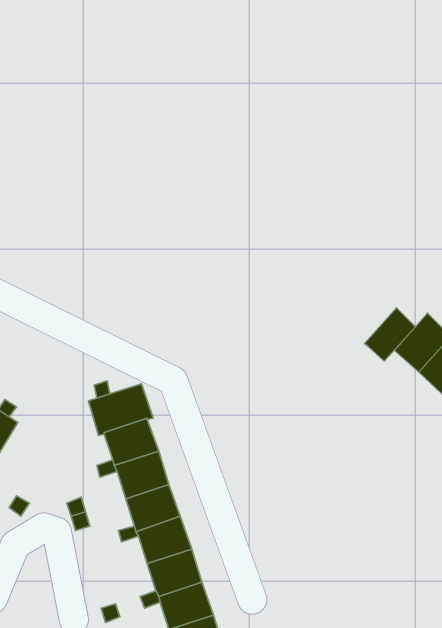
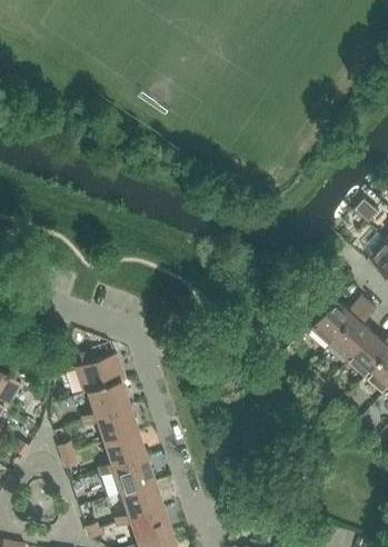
building: [364,308,416,361] -> none

